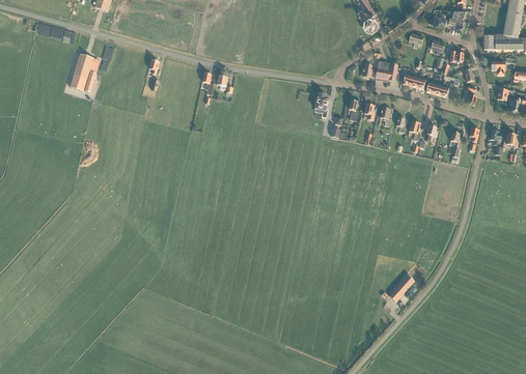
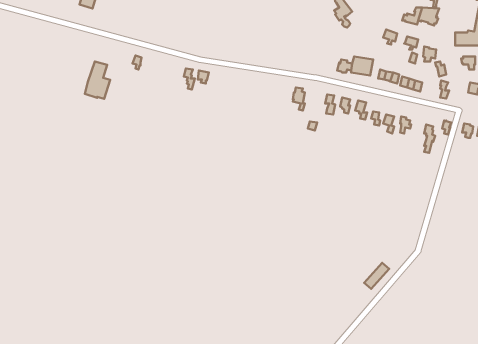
building: [70,54,95,92] -> [85,62,110,99]

